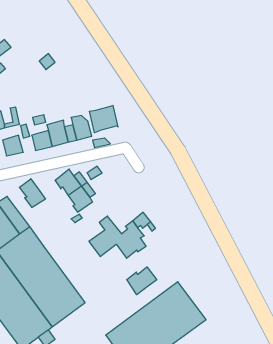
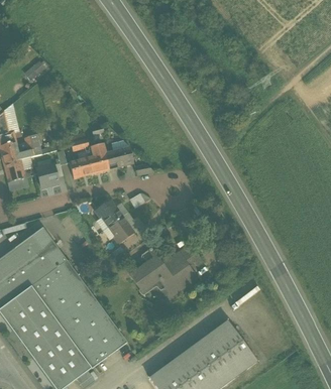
building: [89,105,118,133] -> none
building: [19,179,45,207] -> none
building: [127,267,157,295] -> none

